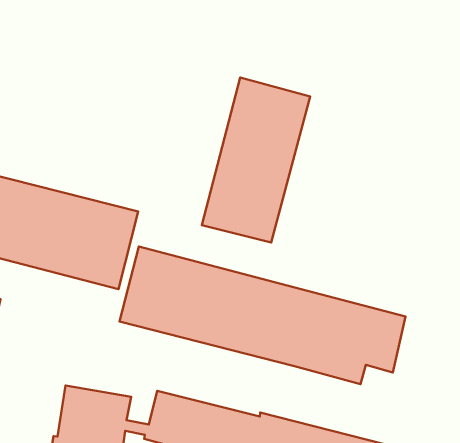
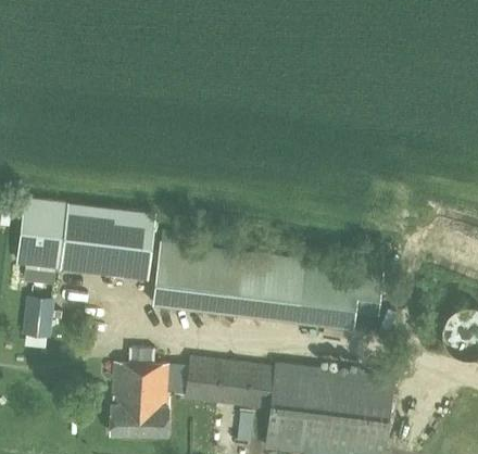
building: [202,78,310,242] -> none

